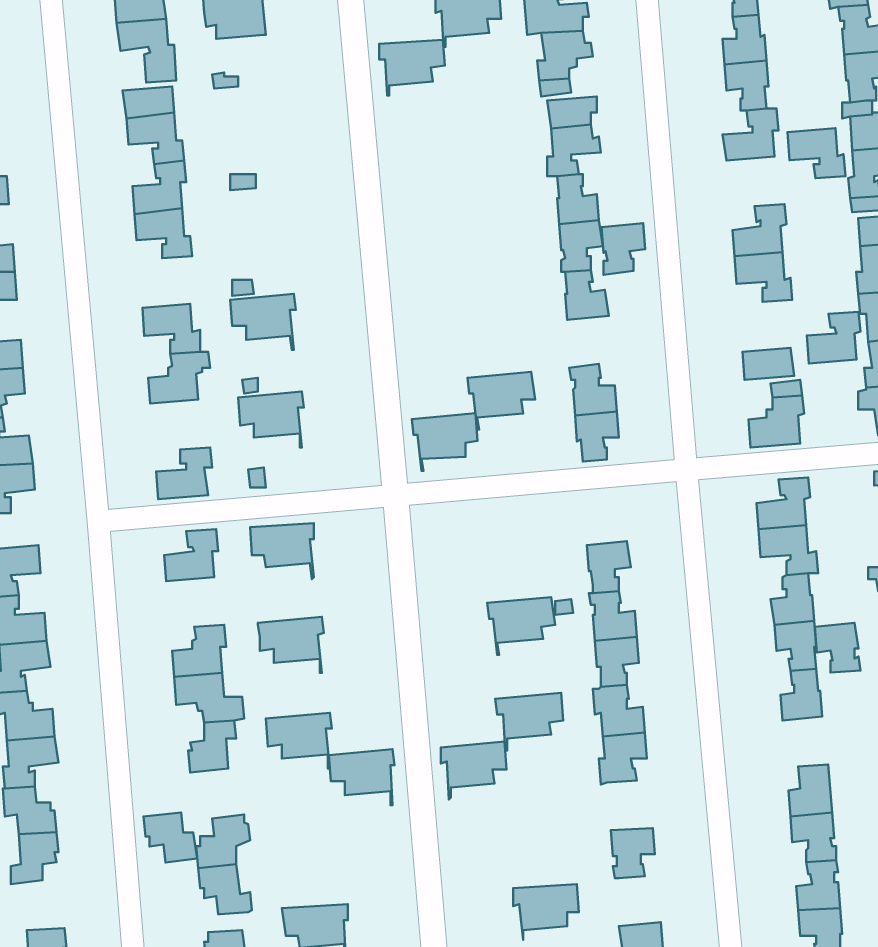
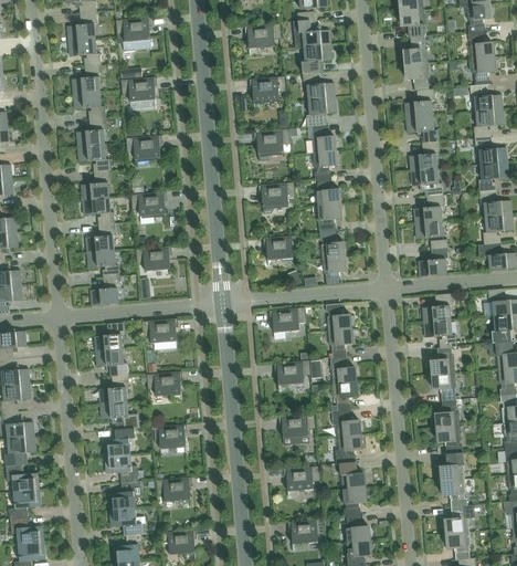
building: [379,40,445,96] -> [250,77,286,108]
building: none -> [122,77,157,108]
building: [788,128,845,178] -> [407,116,439,144]
building: none -> [254,129,292,161]
building: none -> [126,136,162,167]
building: [601,223,645,275] -> [318,205,342,233]
building: none -> [82,171,112,200]
building: none -> [258,182,296,214]
building: [807,312,861,364] -> [414,196,444,224]
building: none -> [87,251,120,279]
building: [412,413,477,471] -> [270,307,306,339]
building: none -> [326,304,351,332]
building: none -> [96,349,128,377]
building: [815,623,861,673] -> [437,427,463,454]
building: [441,742,507,799] -> [284,467,320,499]
building: [329,749,395,805] -> [156,478,192,509]
building: none -> [340,462,366,490]
building: [143,813,197,862] -> [109,455,139,483]
building: none -> [346,515,370,543]
building: none -> [10,517,40,545]

